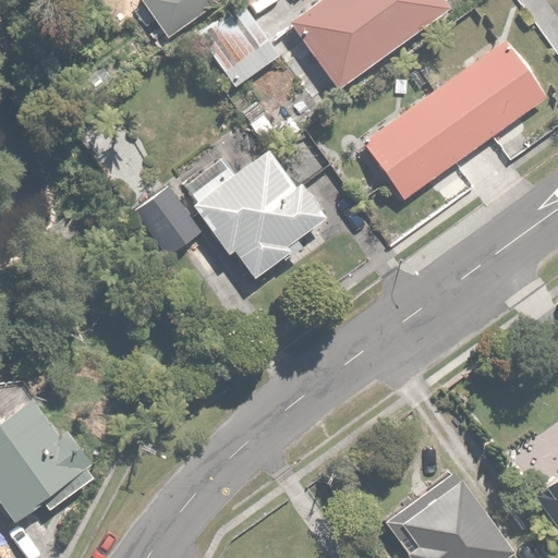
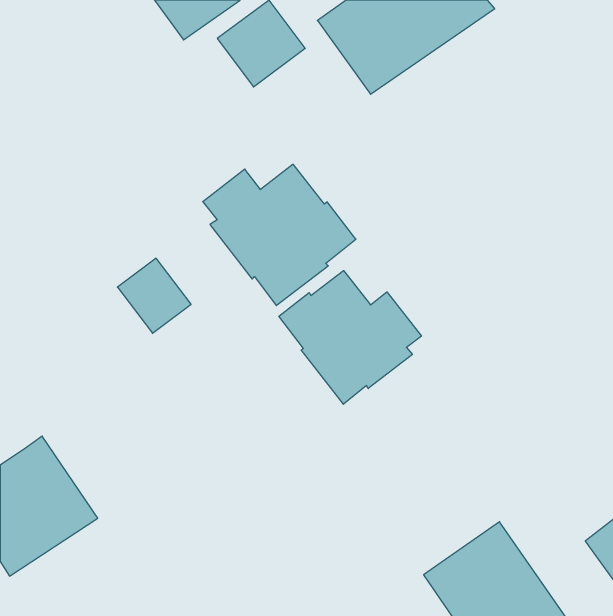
building: [364,39,546,198] -> none
building: [135,184,202,252] -> [117,258,191,333]
building: none -> [279,271,421,404]

